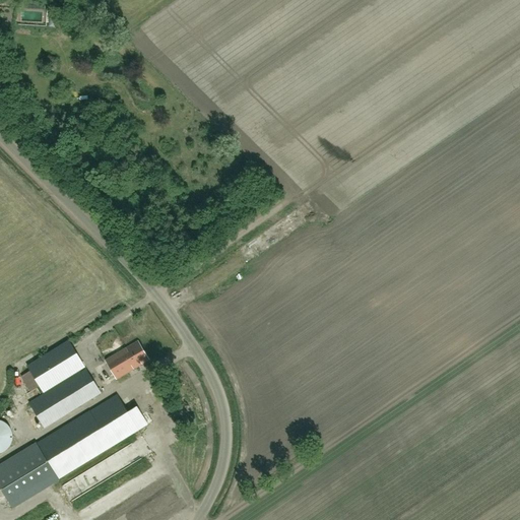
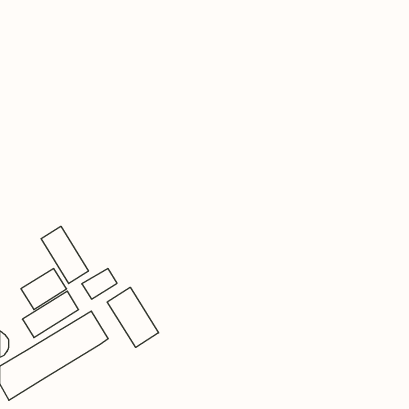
building: none -> [41,226,88,284]
building: none -> [107,287,159,347]

